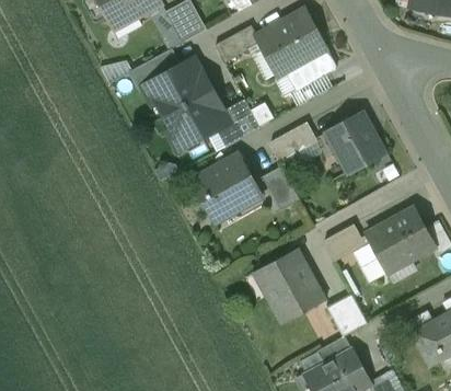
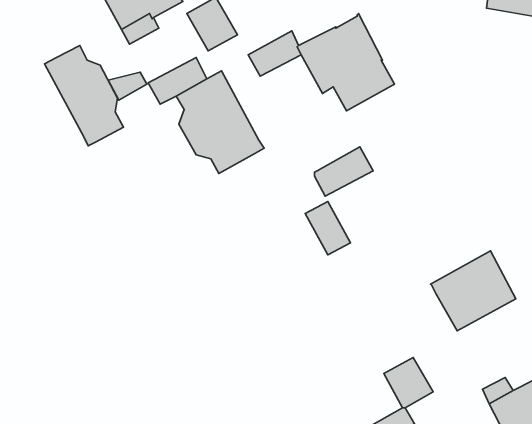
building: none -> [44,45,124,146]
building: [220,103,259,143] -> none
building: [325,112,384,174] -> none
building: [190,153,262,222] -> none
building: [323,223,369,262] -> none
building: [254,250,324,323] -> none

